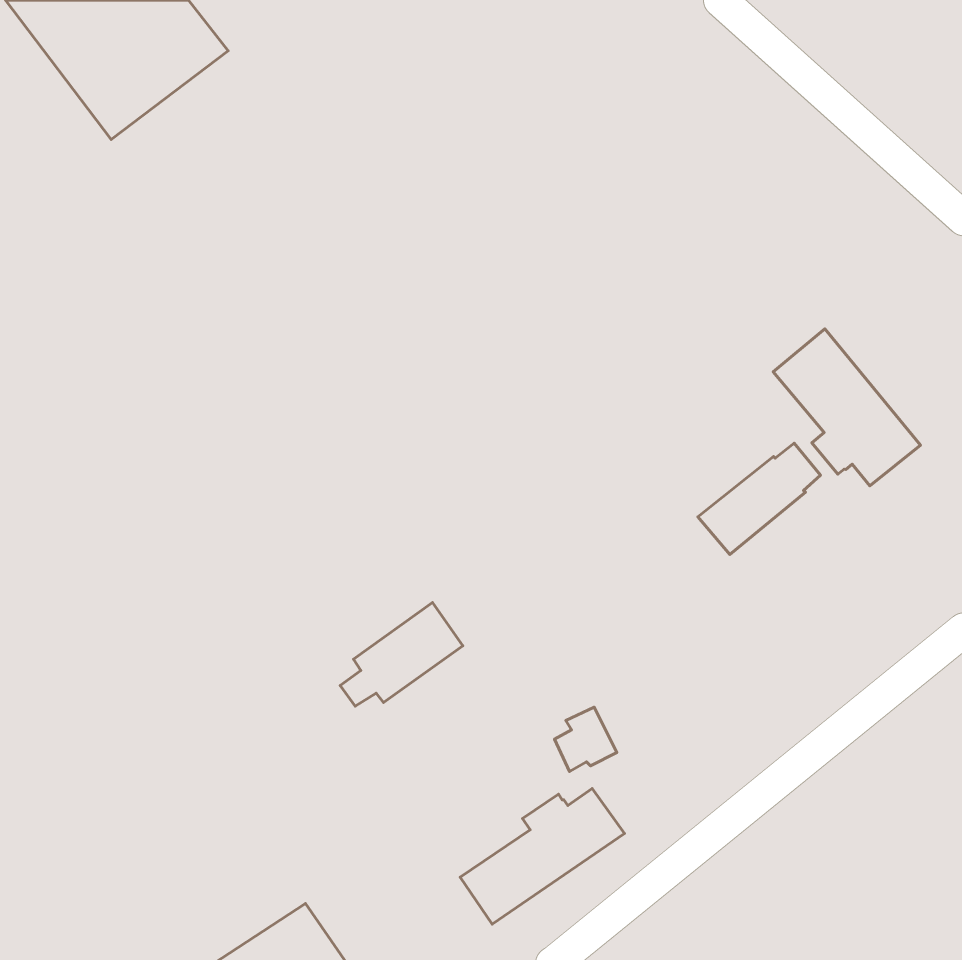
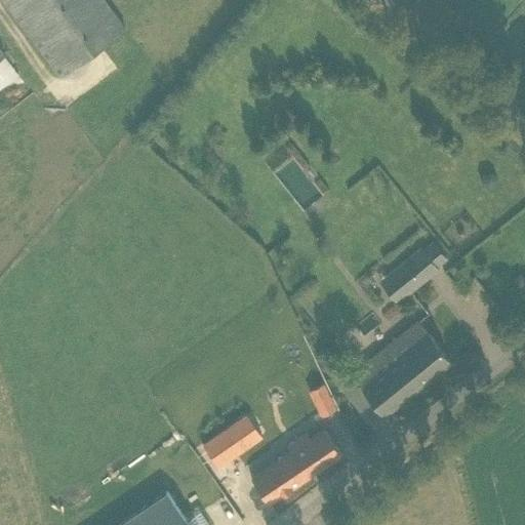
building: [773,329,921,486] -> none
building: none -> [352,324,450,416]
building: [340,603,463,706] -> [196,415,262,472]

